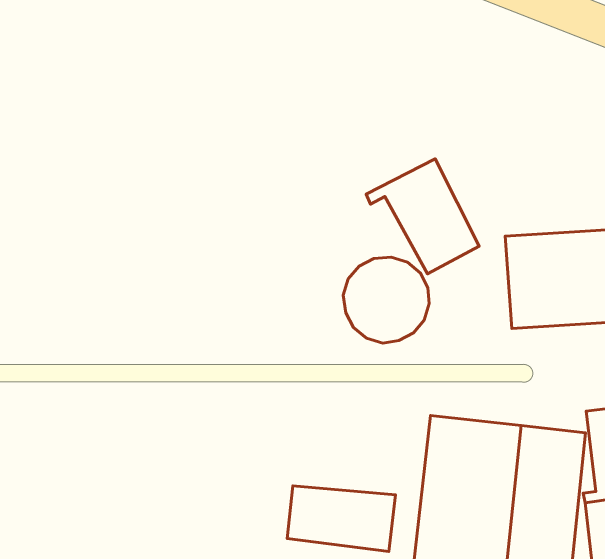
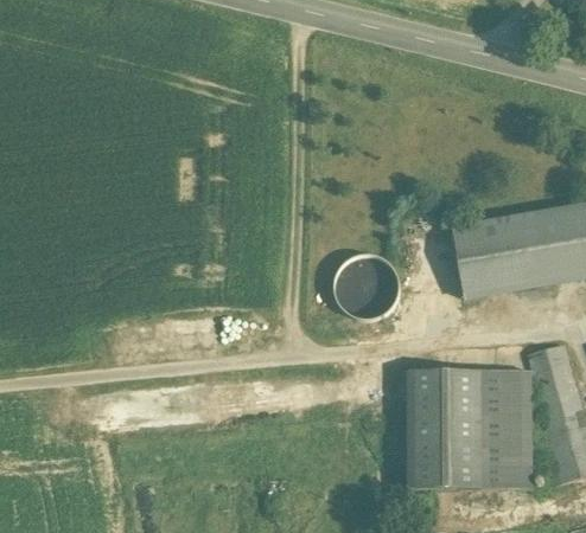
building: [366,159,479,274] -> none
building: [287,486,395,552] -> none

